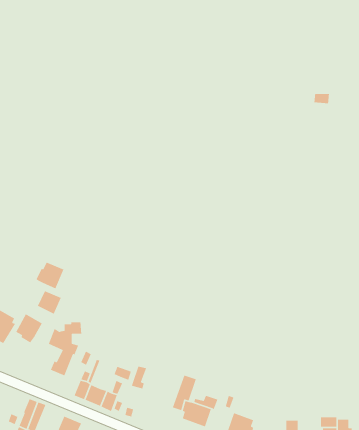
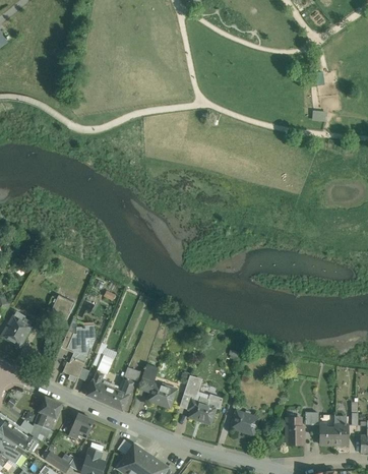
building: [36,261,65,289] -> none
building: [15,313,43,344] -> none
building: none -> [147,382,173,407]

